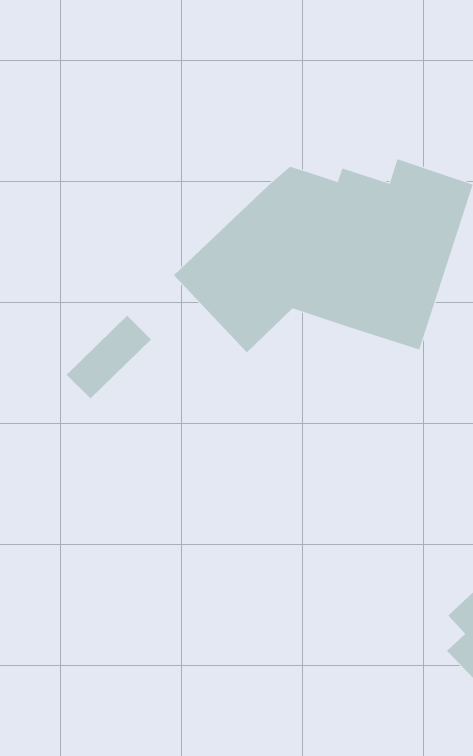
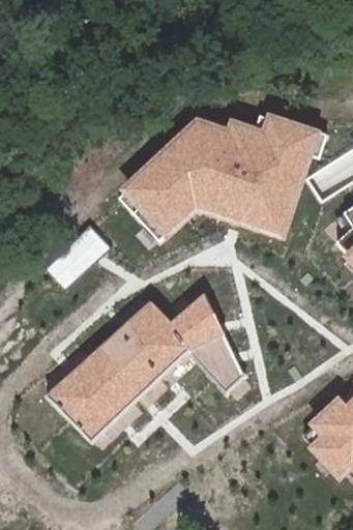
building: none -> [47,288,240,438]

